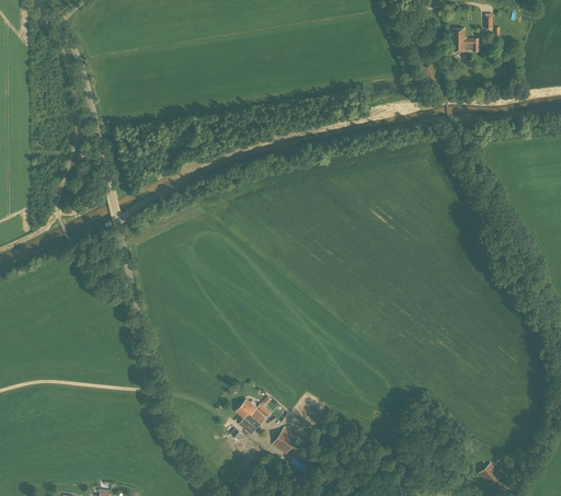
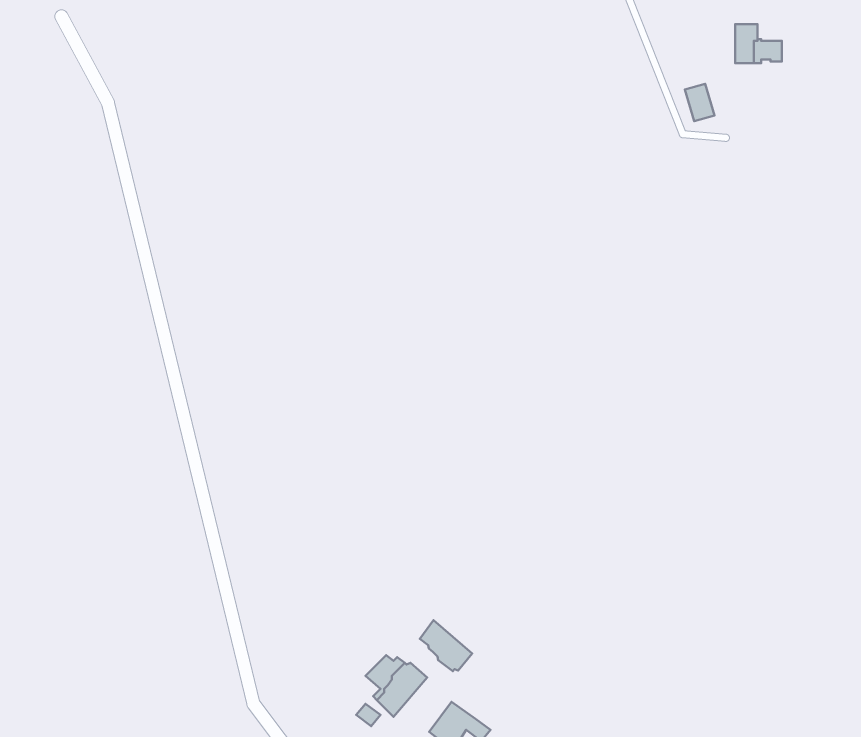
building: none -> [420,620,472,671]

